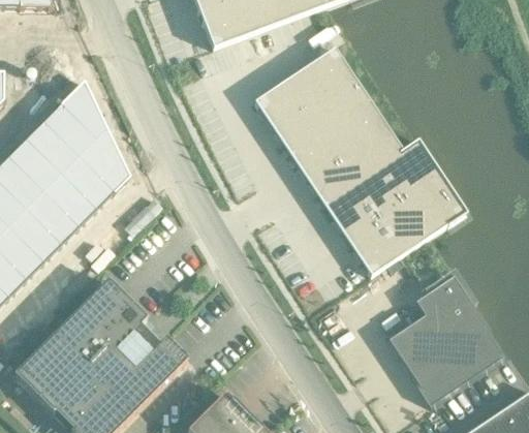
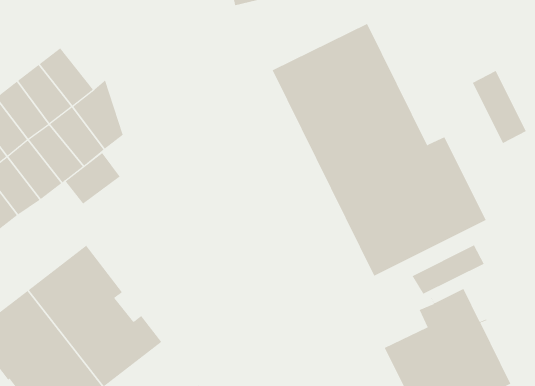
building: none -> [472,70,527,144]
building: [61,81,105,138] -> none
building: none -> [65,152,121,204]
building: none -> [412,245,485,294]

